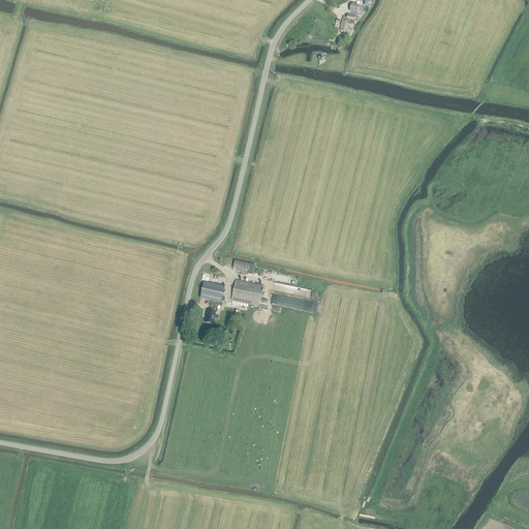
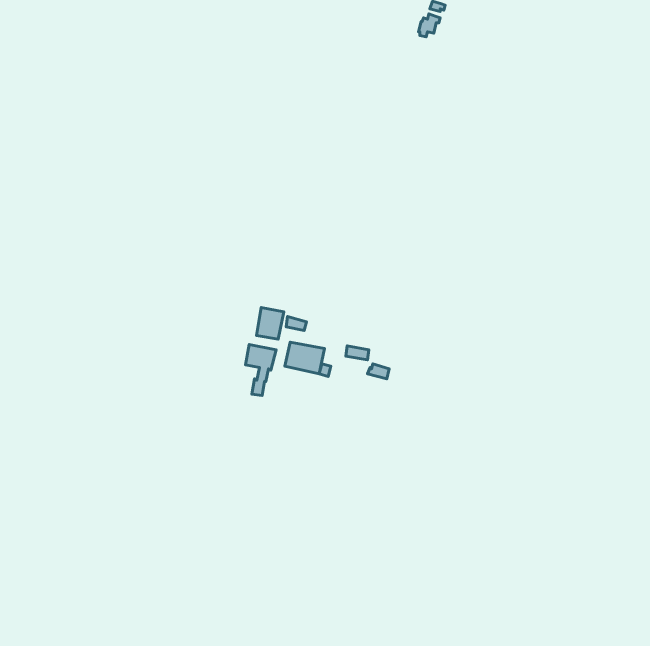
building: none -> [256,308,284,339]

